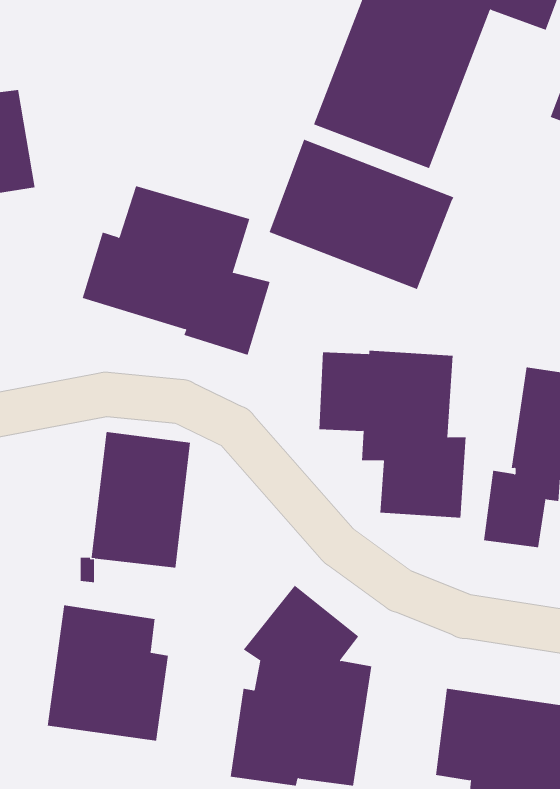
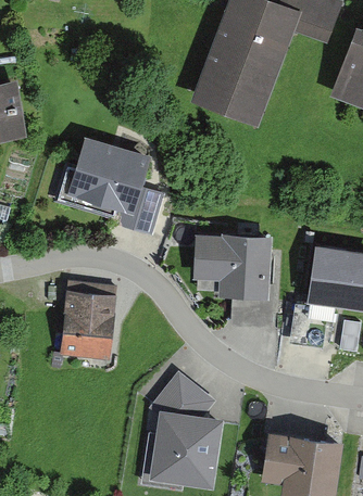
building: [269,139,454,290] -> none
building: [47,605,169,741] -> none

